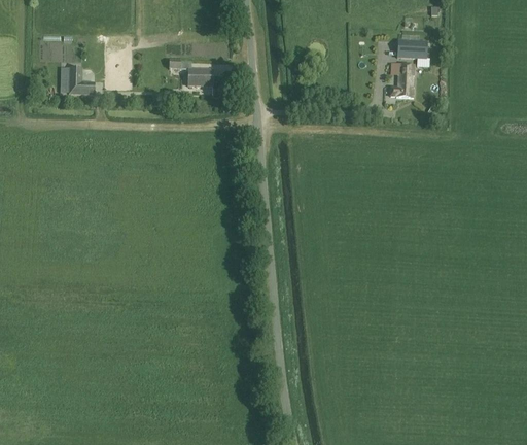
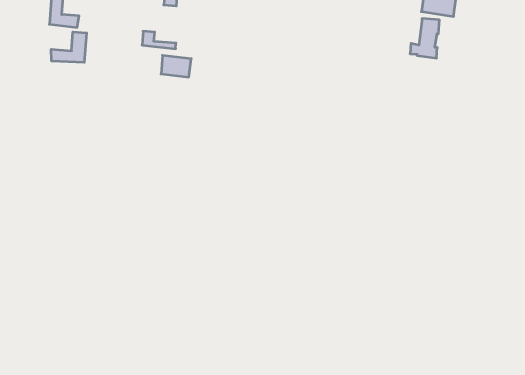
building: [186,68,212,85] -> [161,55,191,77]
building: none -> [51,32,87,62]

